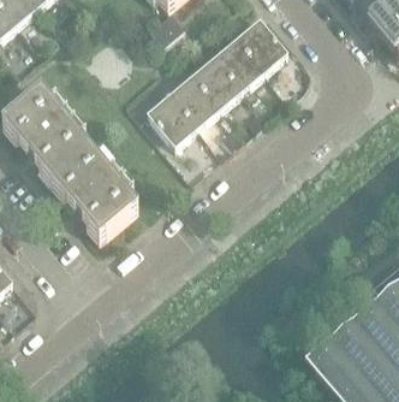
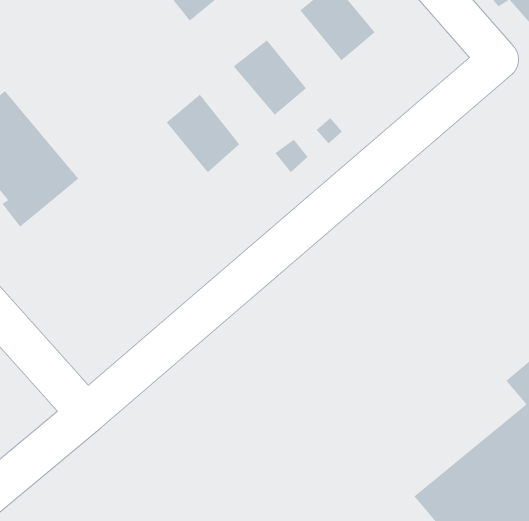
building: [216,34,266,85] -> none
building: [172,71,221,123] -> none
building: [52,146,139,236] -> none

